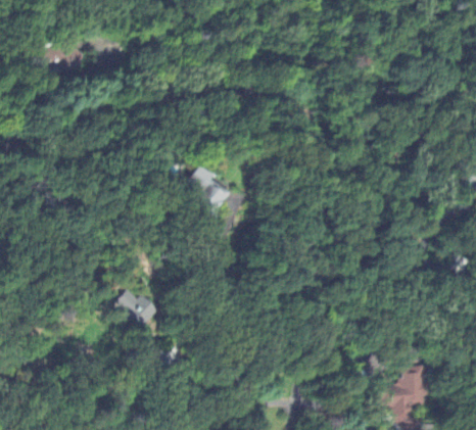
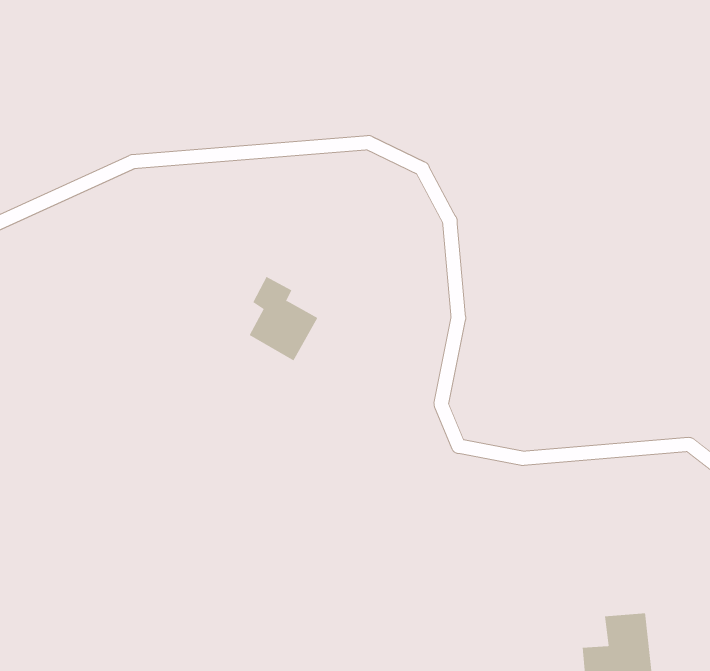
building: [115,287,157,329] -> none

